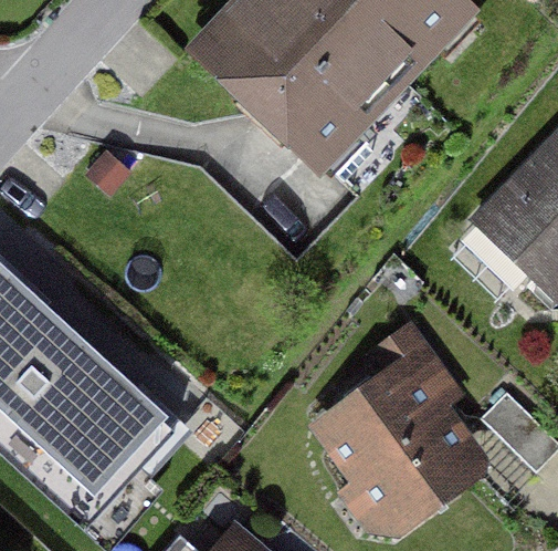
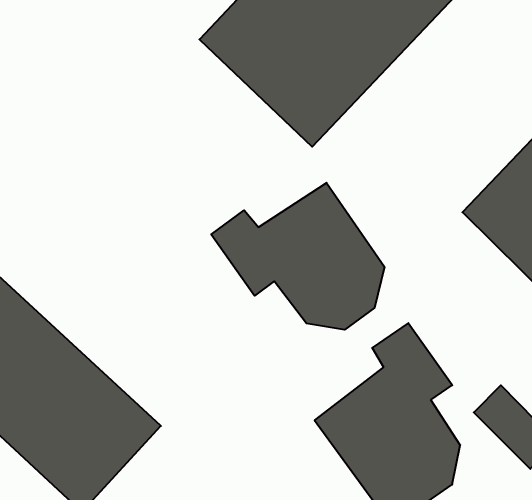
building: none -> [211,183,384,330]

